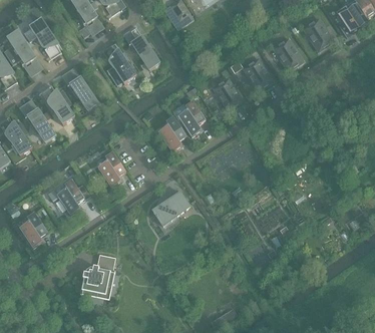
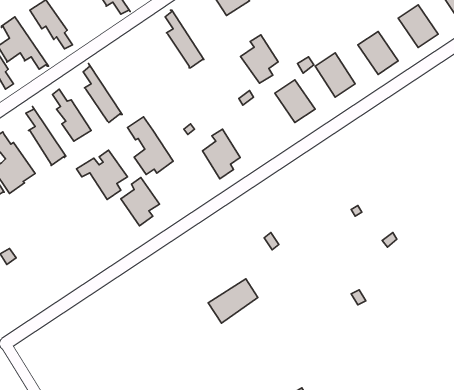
building: [101,41,135,84] -> [127,117,173,175]
building: [176,99,205,135] -> [241,35,278,83]
building: [46,178,84,215] -> [76,150,127,200]
building: [151,191,189,224] -> [208,279,258,323]
building: [18,211,46,247] -> none
building: [79,253,114,295] -> none

